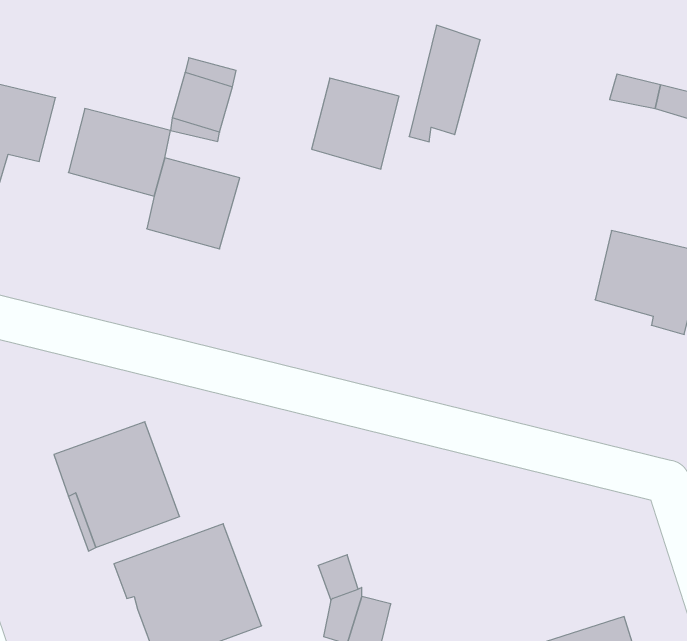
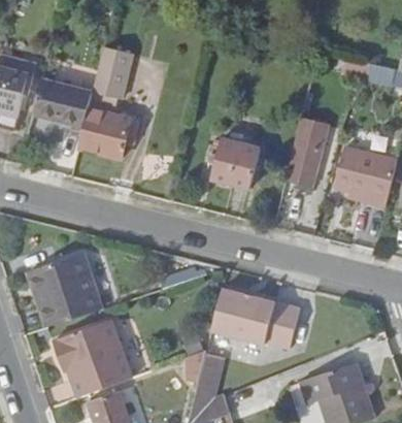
building: [409,25,480,142] -> [289,118,329,184]
building: [312,78,399,169] -> [214,137,264,189]
building: none -> [211,288,300,348]

